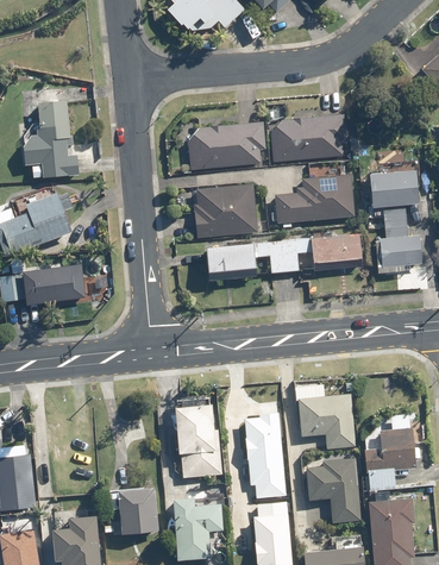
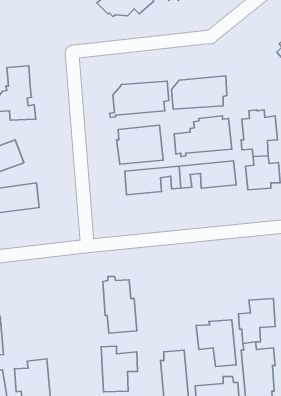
building: [297,393,355,448] -> none
building: [244,410,286,497] -> none
building: [108,484,158,532] -> none

